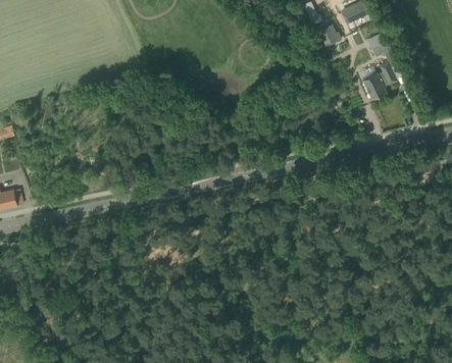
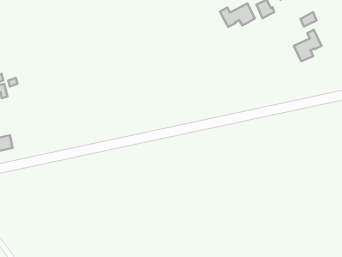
building: none -> [220,3,255,27]

